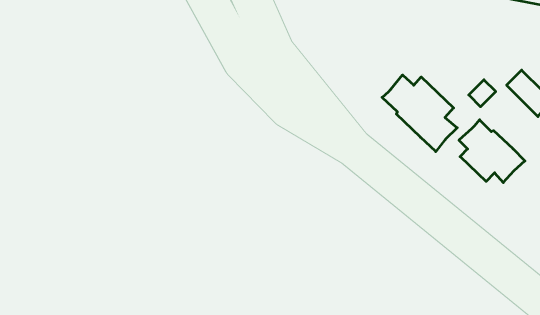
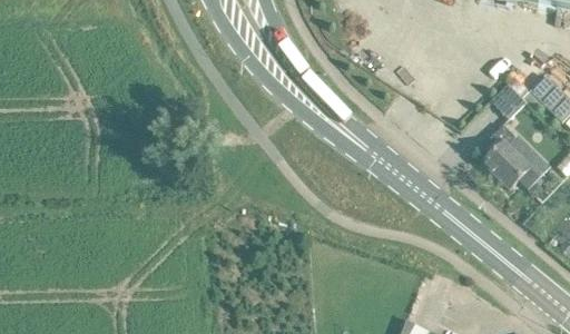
building: [382,75,457,152] -> none

